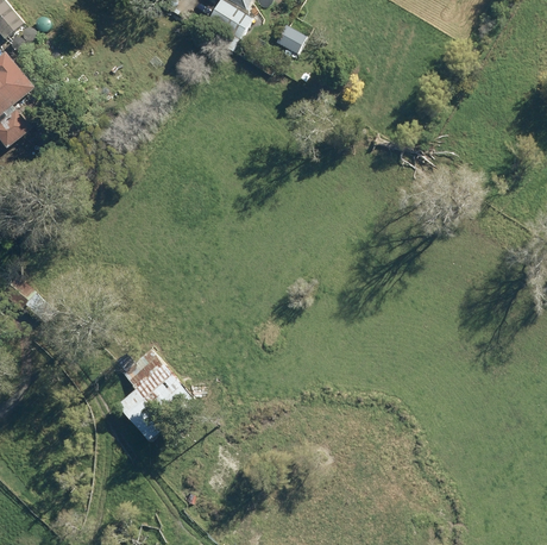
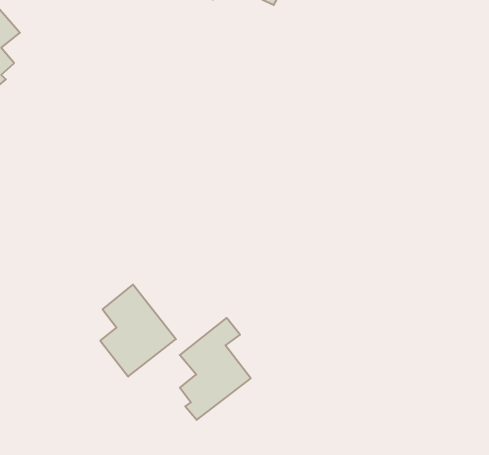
building: none -> [180,318,251,420]

